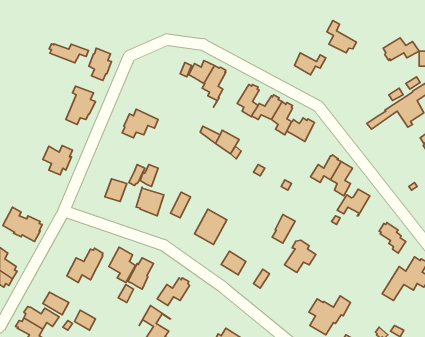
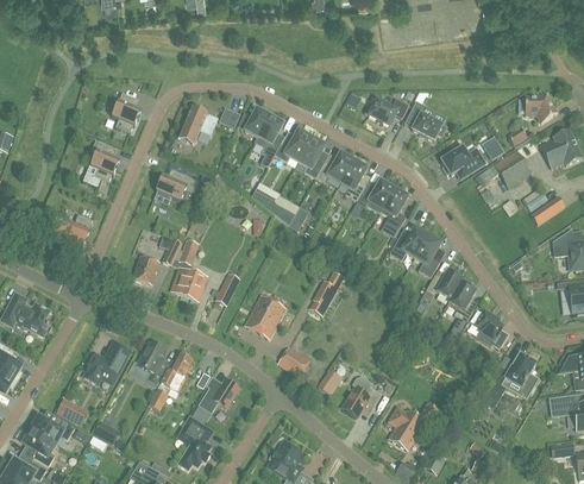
building: [327,20,356,53] -> [409,100,446,140]
building: [383,38,419,61] -> [440,146,485,175]
building: [49,44,89,63] -> none
building: none -> [180,106,218,140]
building: none -> [274,128,312,162]
building: none -> [381,188,409,230]
building: none -> [448,277,475,321]
building: [272,214,295,243] -> [309,279,338,315]
building: [285,240,316,272] -> [341,376,381,416]

